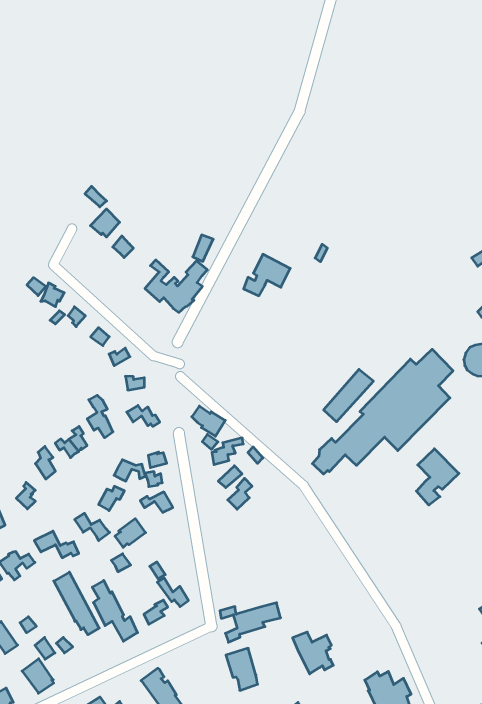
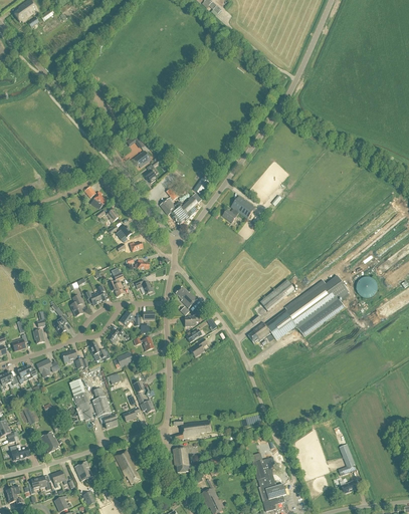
building: [416,449,459,505] -> none
building: [293,632,333,674] -> [250,453,274,480]

